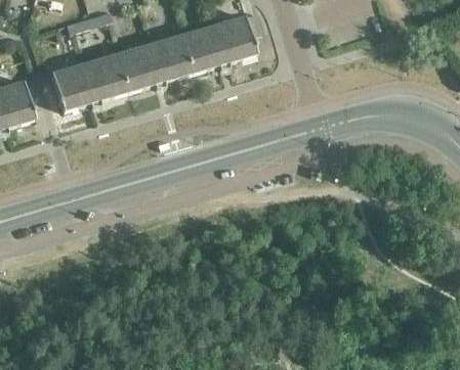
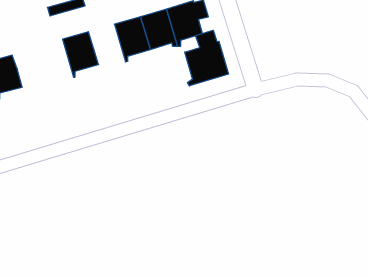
building: [116,43,161,92] -> none
building: none -> [185,30,228,86]
building: [51,61,97,111] -> none

